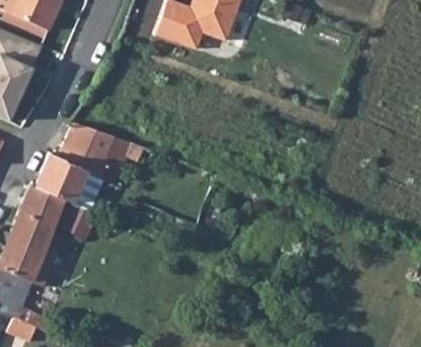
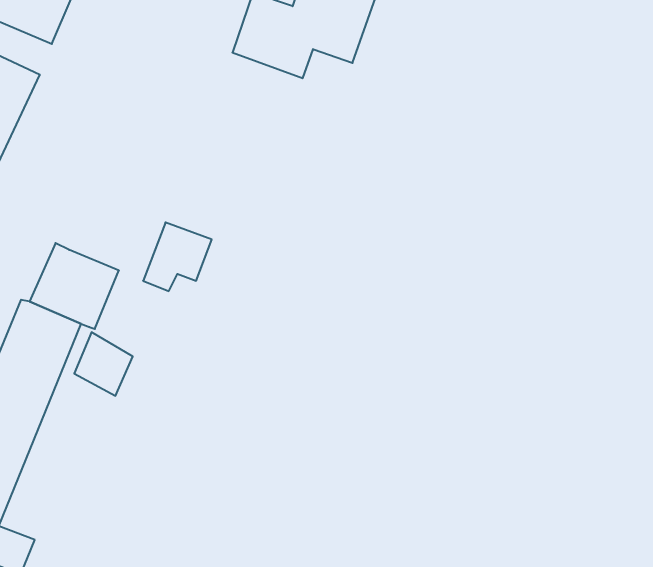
building: [59,122,116,171] -> none

